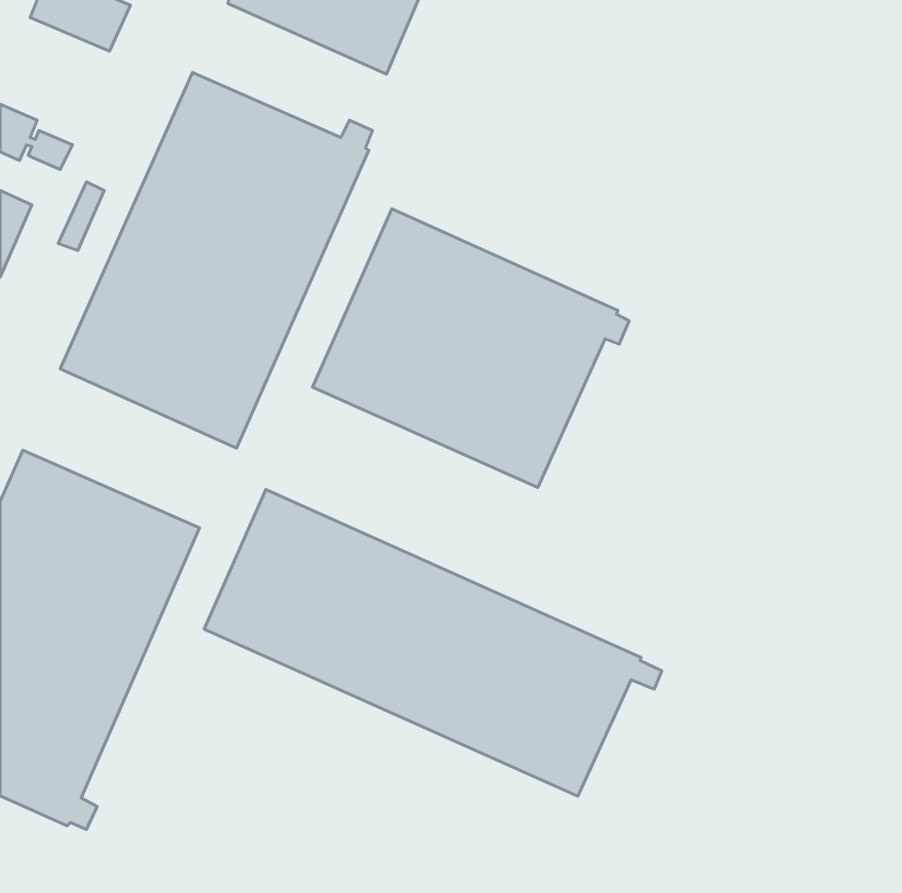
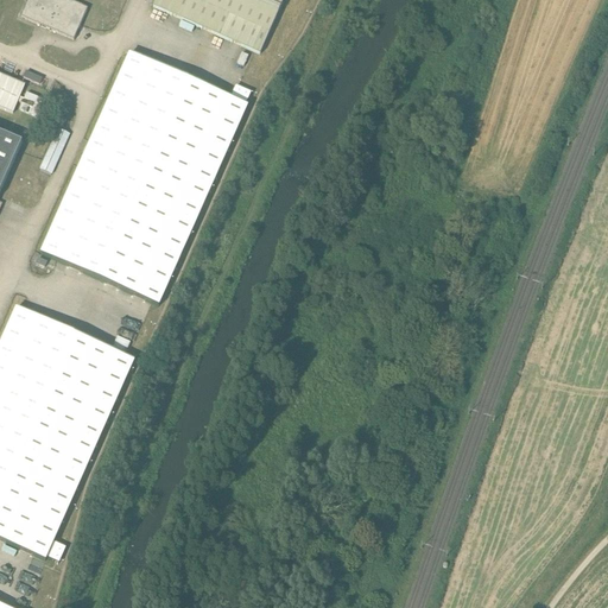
building: [313,209,629,488] -> none
building: [204,489,662,796] -> none

